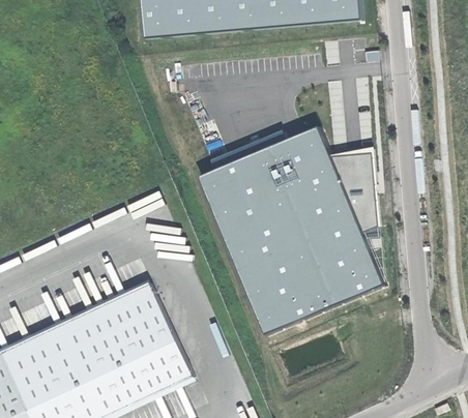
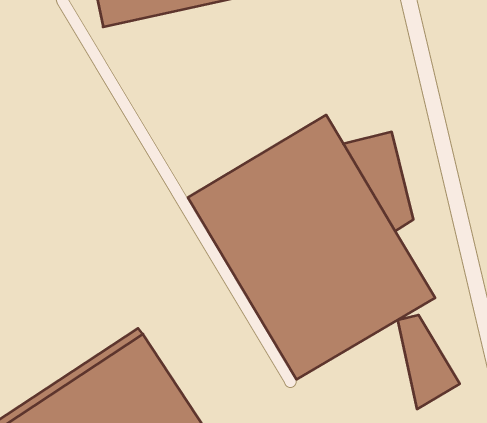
building: none -> [398,315,460,409]

